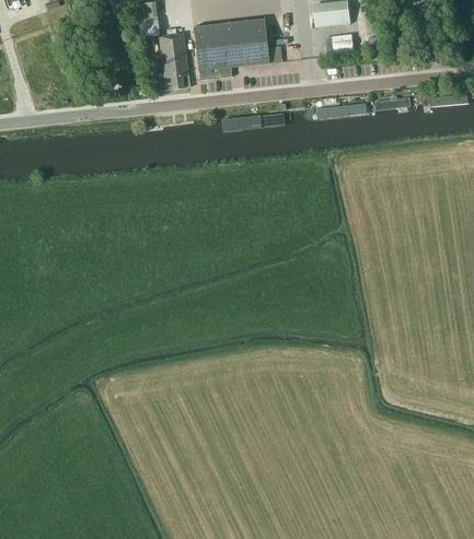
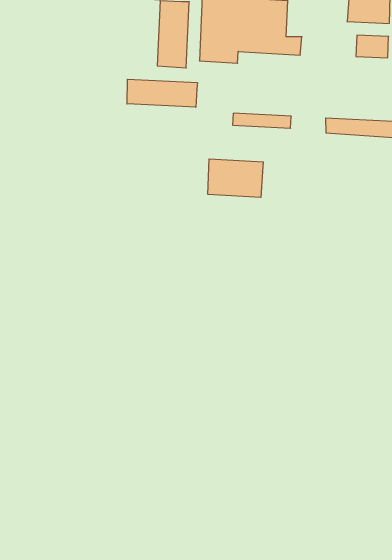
building: none -> [127,79,197,107]
building: none -> [208,159,263,197]

